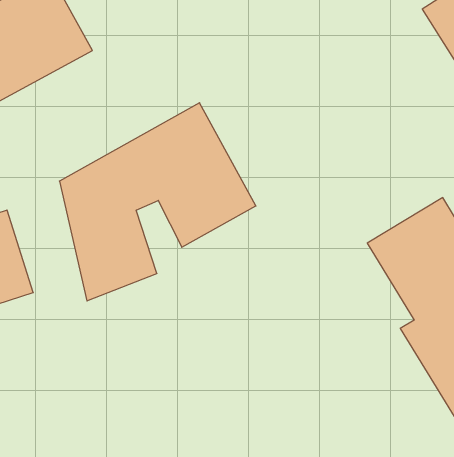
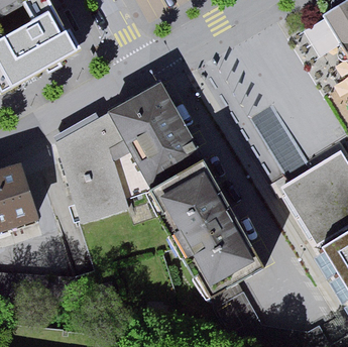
building: none -> [147,158,266,300]

